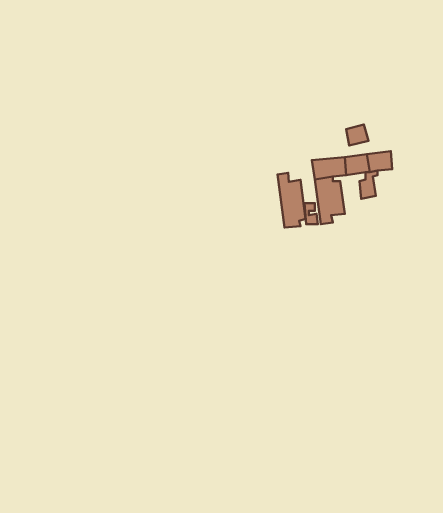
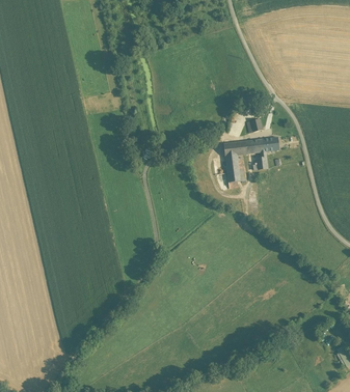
building: [278,173,306,227] -> none

